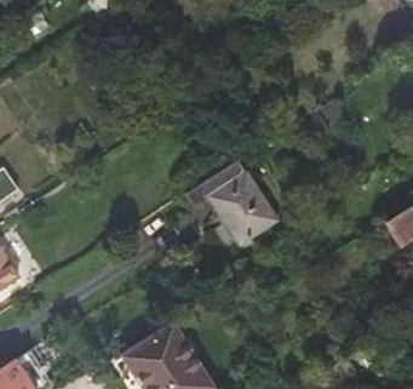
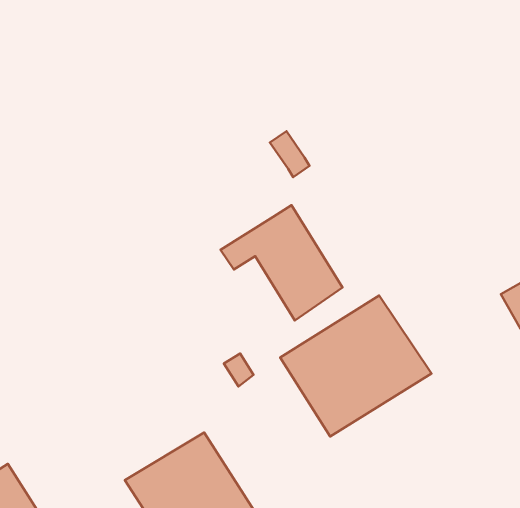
building: none -> [280,296,432,437]

